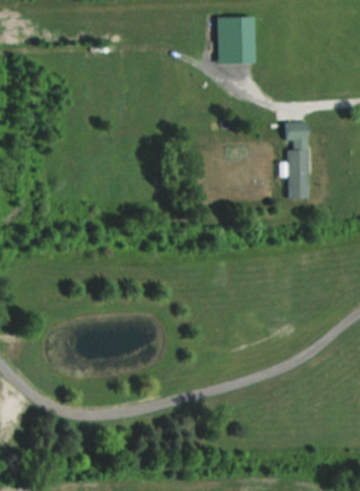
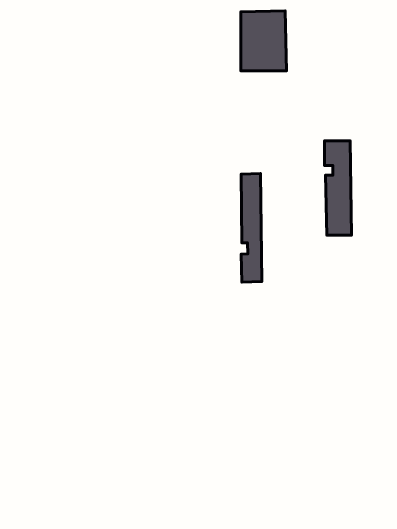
building: none -> [241,174,262,282]

